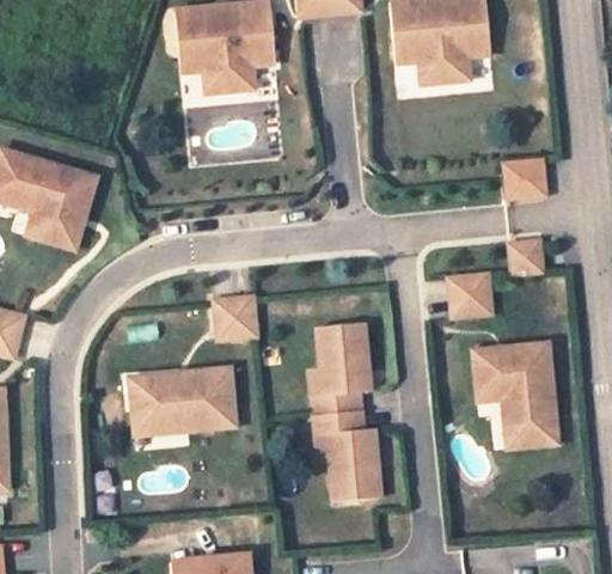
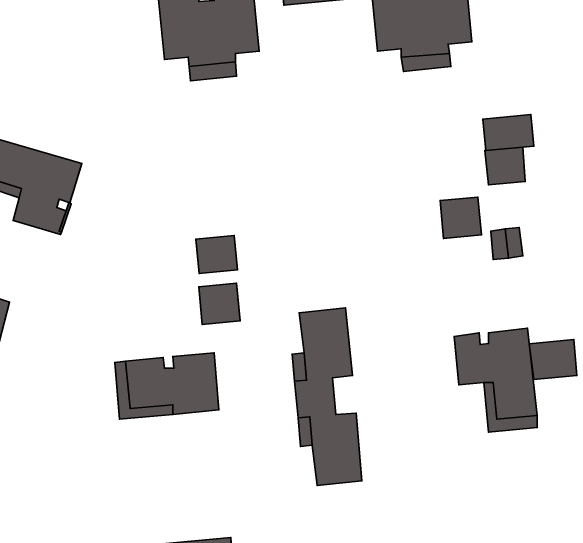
building: none -> [483,115,534,151]
building: none -> [196,236,237,274]
building: [449,274,491,316] -> [440,197,481,238]
building: none -> [529,339,577,380]

